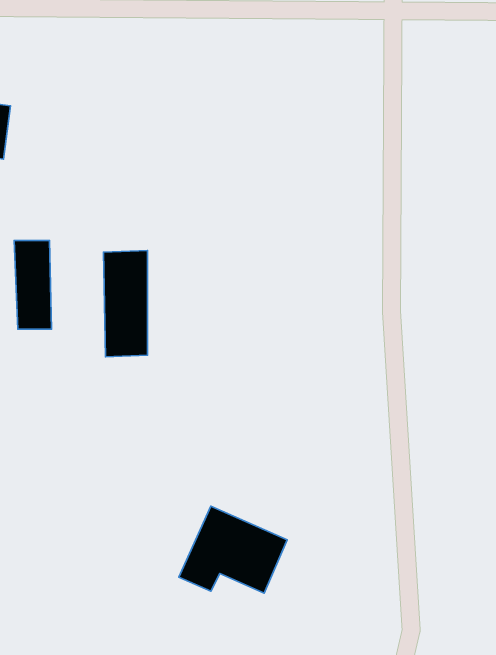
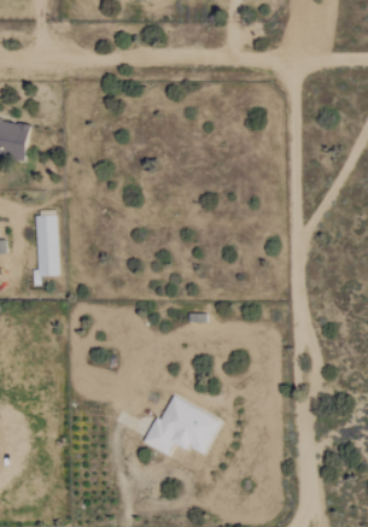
building: [103,250,148,357] -> none

